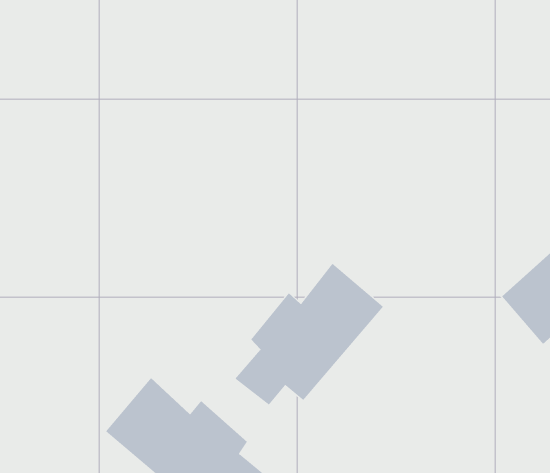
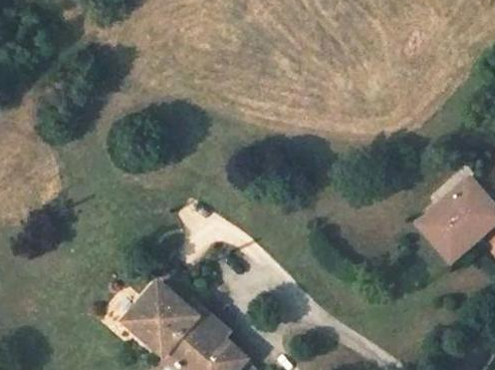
building: [234,263,384,406] -> none

